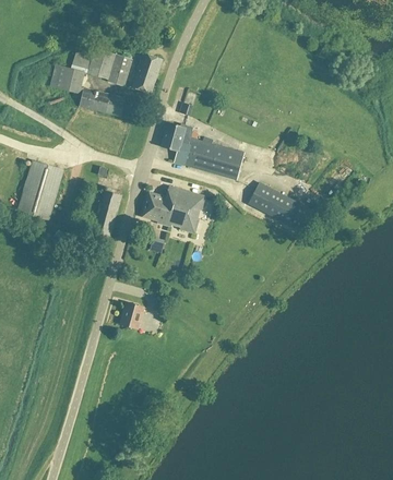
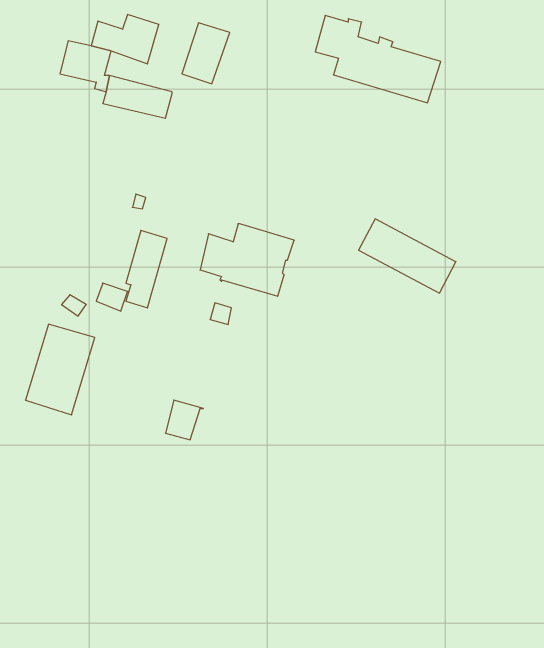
building: [108,52,132,85] -> none
building: [162,121,245,179] -> [315,15,441,103]
building: [17,159,63,219] -> [25,324,95,415]

